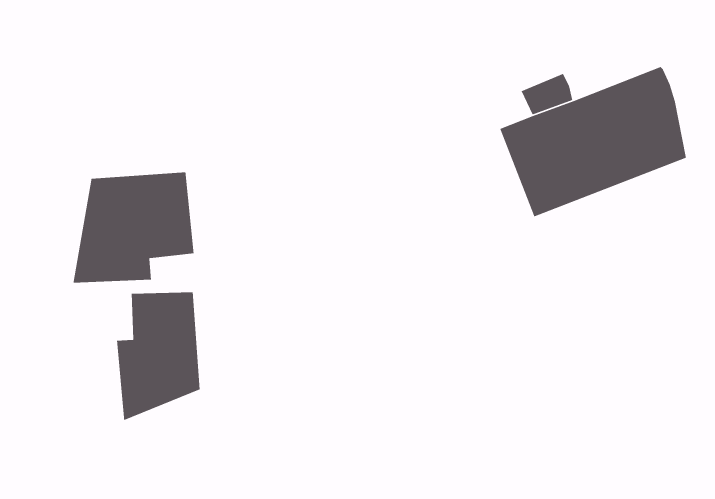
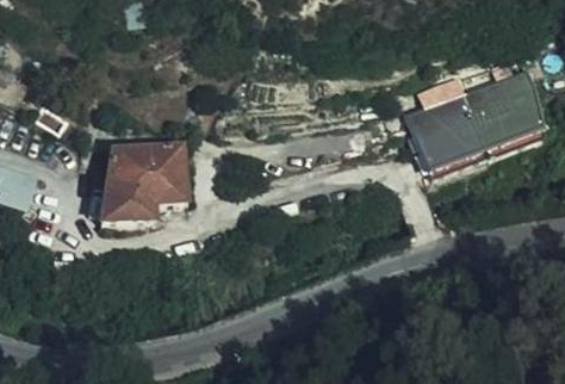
building: [116,291,200,421] -> none

